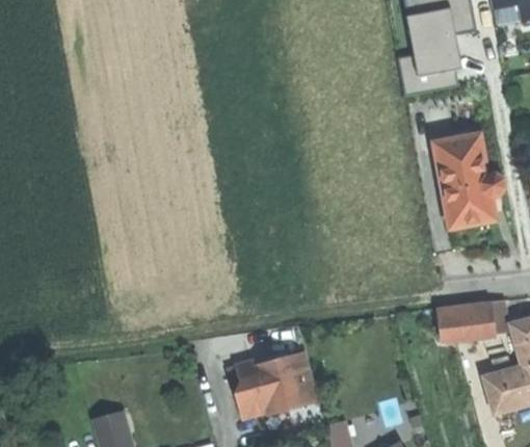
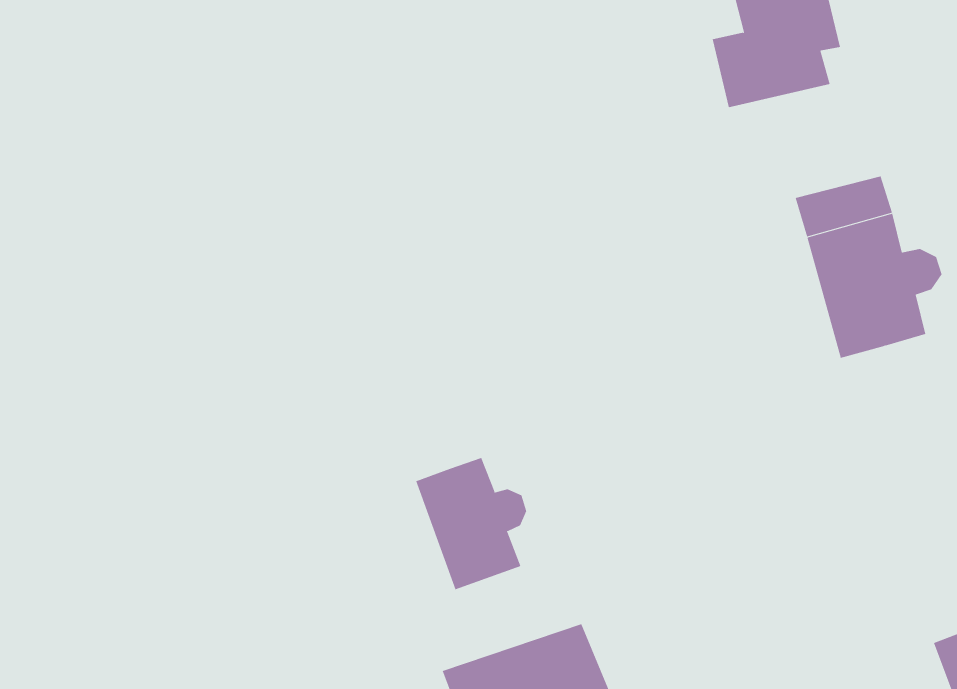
building: none -> [416,457,527,590]
building: [436,303,494,341] -> none

